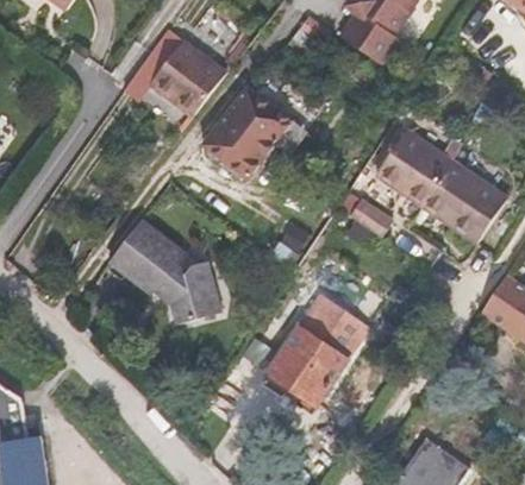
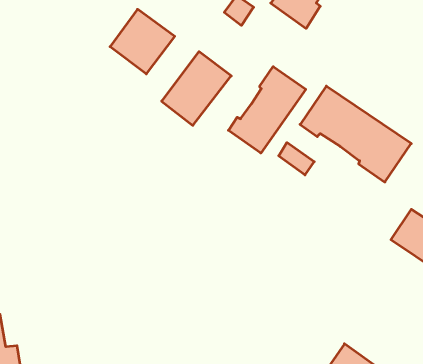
building: none -> [228,67,306,153]
building: [108,222,211,321] -> none
building: [267,296,364,405] -> none

